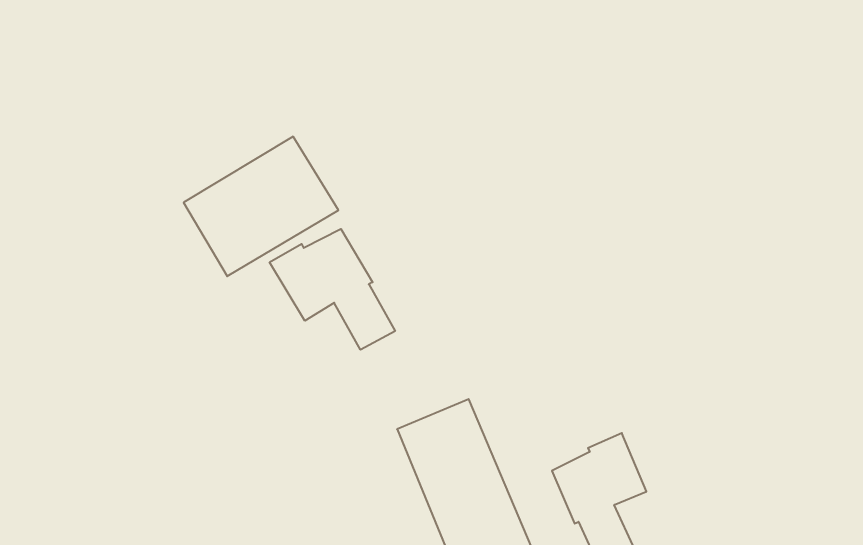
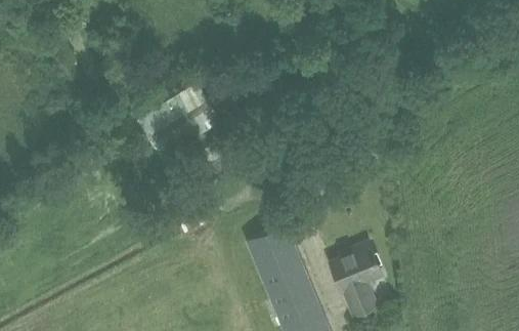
building: [270,229,395,350] -> none

